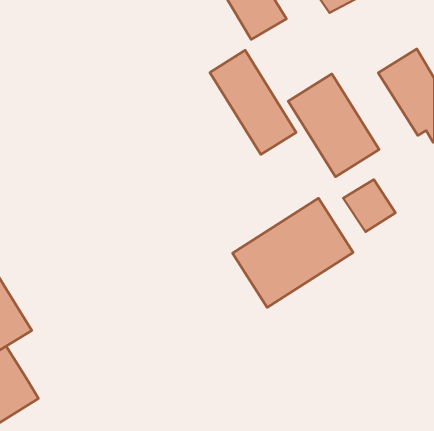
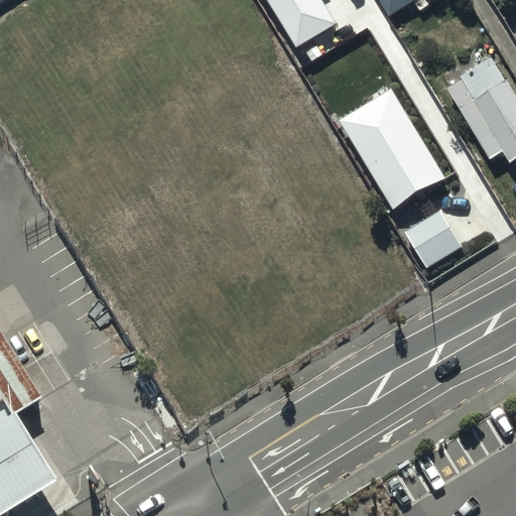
building: [210,50,296,154] -> none
building: [233,198,353,308] -> none

